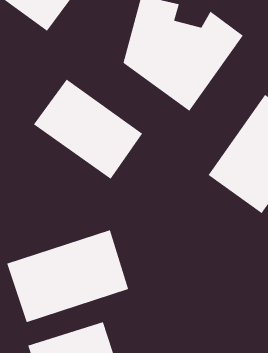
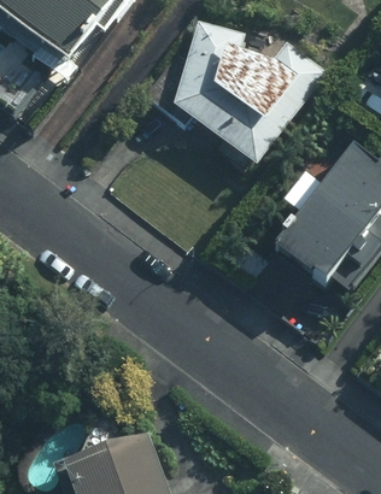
building: [33,79,143,180] -> none
building: [6,229,129,323] -> none

